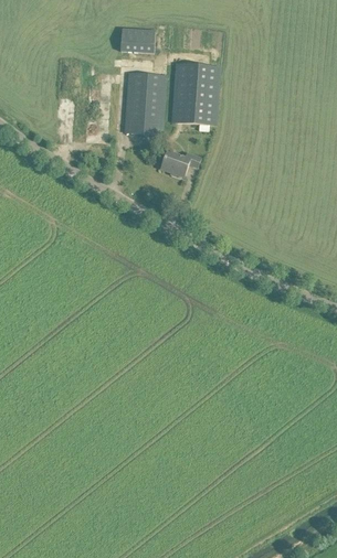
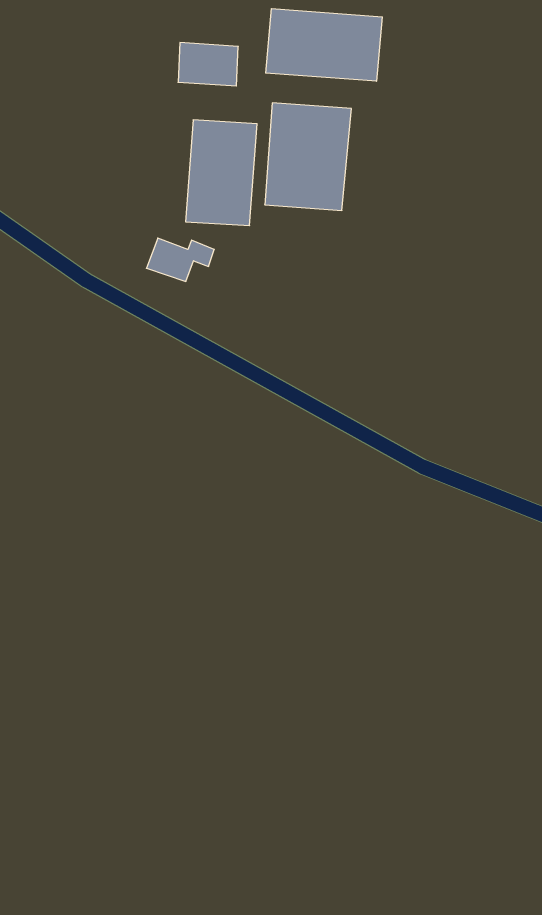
building: none -> [266,9,382,81]
building: [160,150,200,175] -> [146,238,214,281]

